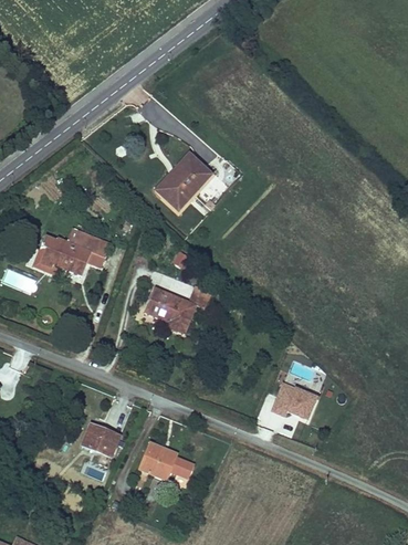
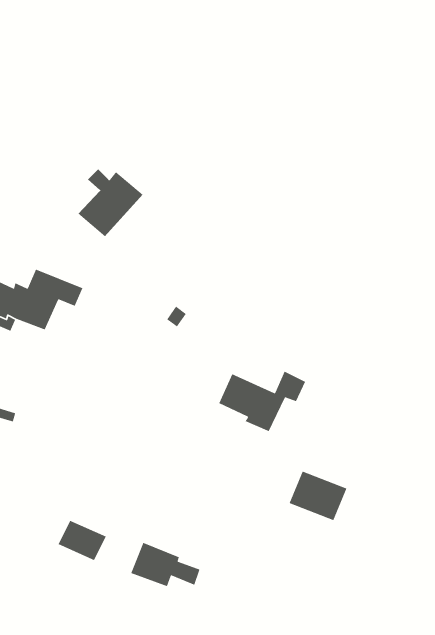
building: [151,150,205,206] -> [77,168,143,237]
building: [139,282,210,332] -> [218,371,306,432]

